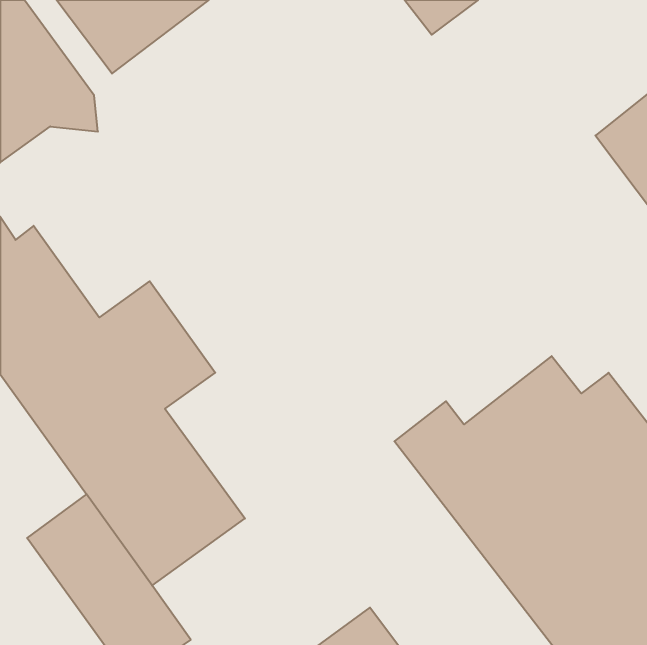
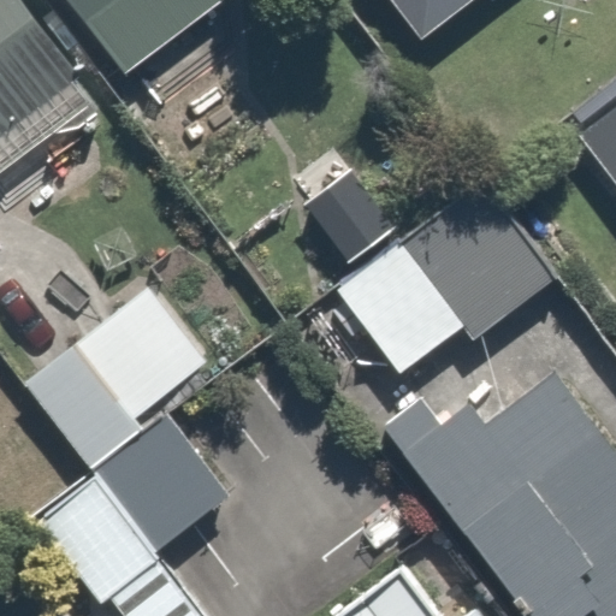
building: none -> [302,171,556,379]

